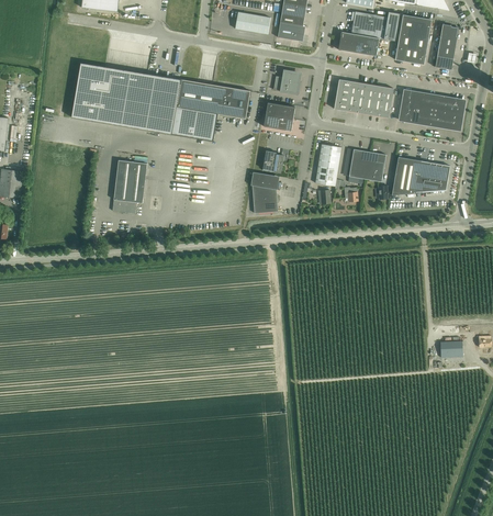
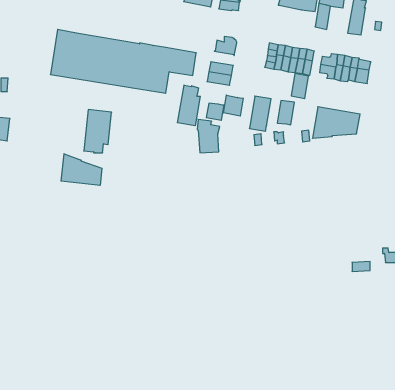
building: [337,31,378,55] -> none
building: [408,33,428,64] -> none
building: none -> [177,85,200,126]
building: none -> [223,95,243,116]
building: [365,150,385,181] -> [291,73,308,99]
building: none -> [61,154,102,185]

